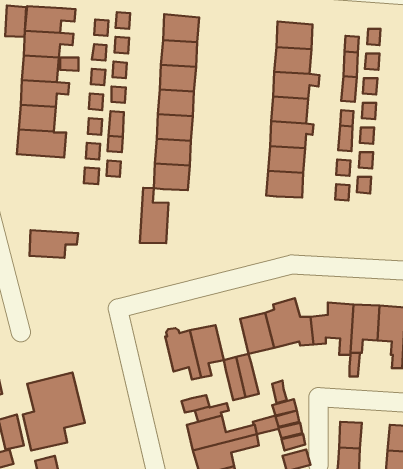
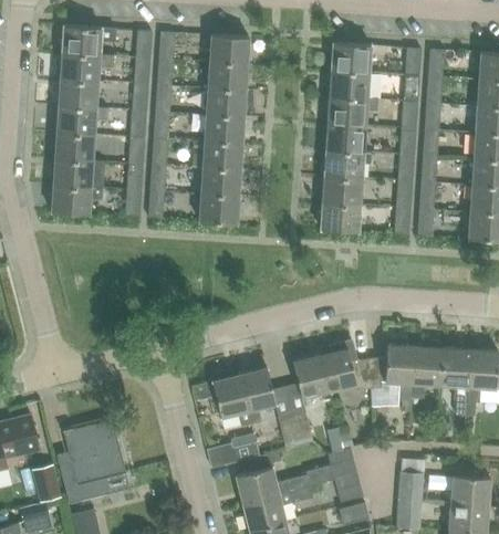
building: [5,6,26,37] -> none
building: [140,188,168,243] -> none
building: [30,230,78,258] -> [52,185,104,214]

